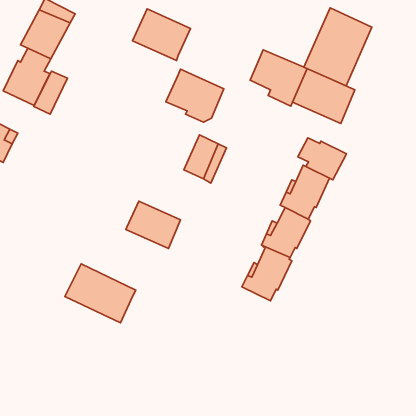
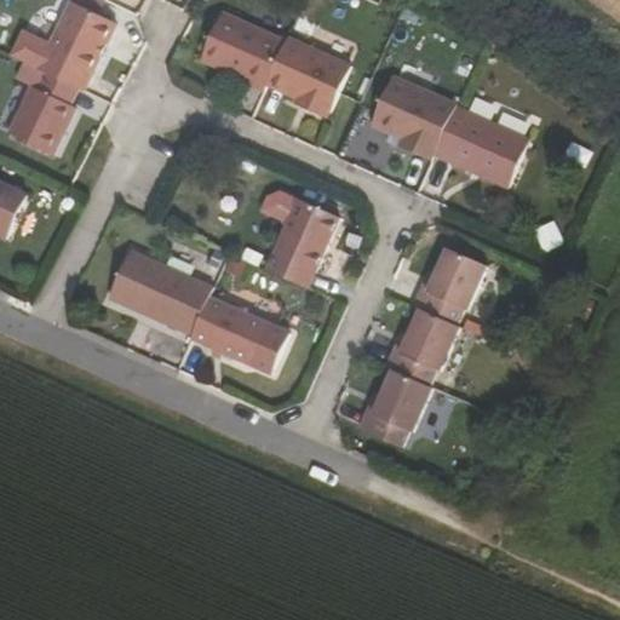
building: [304,8,372,86] -> none
building: [166,69,224,122] -> [264,34,350,113]
building: [34,71,68,114] -> none
building: [298,138,346,180] -> none
building: [65,264,136,323] -> [105,249,211,337]

